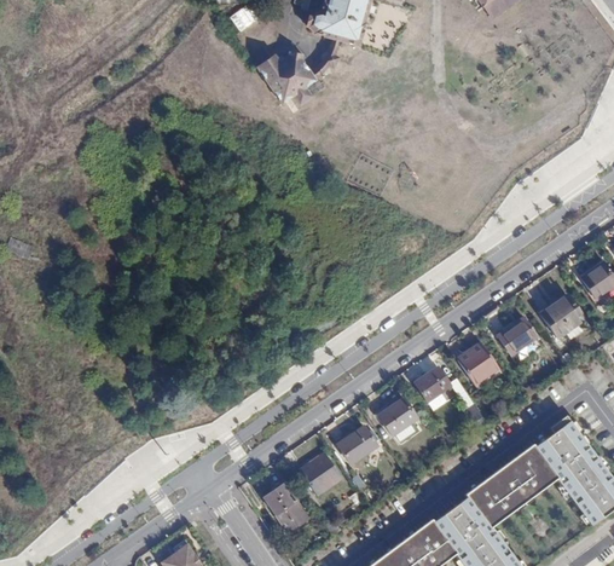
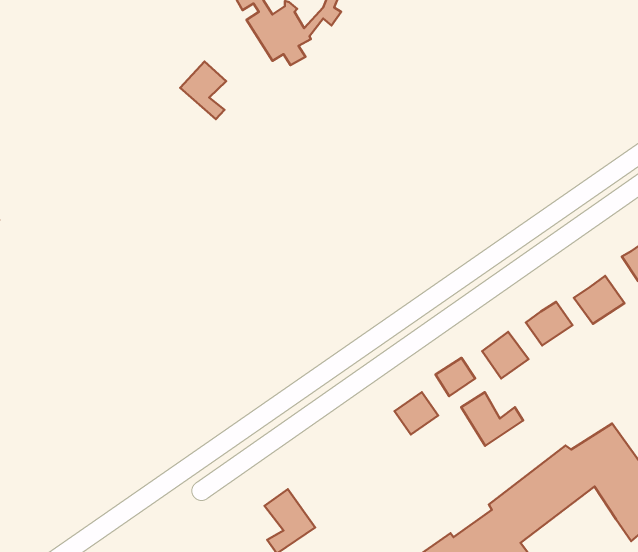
building: none -> [180,62,226,119]
building: none -> [461,392,523,446]
building: [337,423,377,462] -> none
building: [301,452,343,495] -> none

